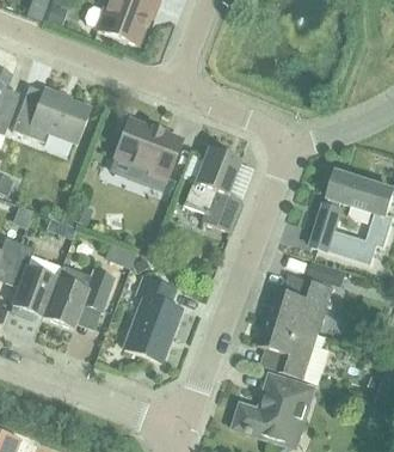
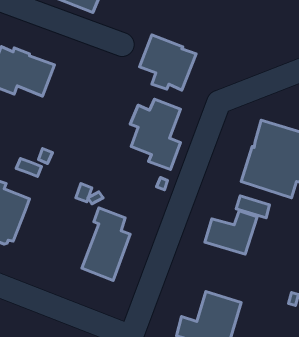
building: [113,118,180,184] -> [140,35,196,90]
building: [42,265,113,328] -> none
building: [259,317,316,378] -> none

